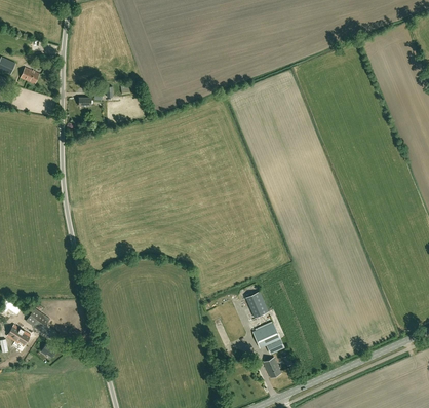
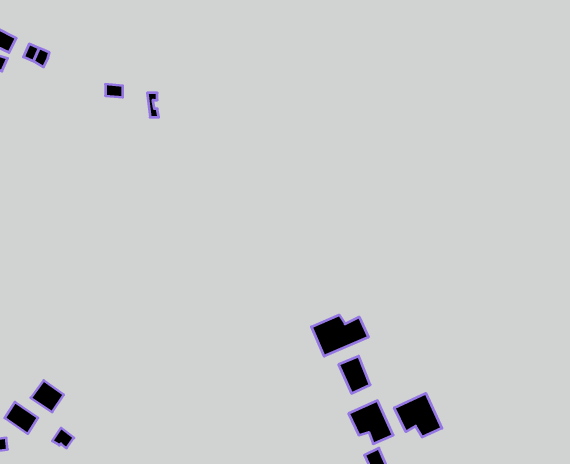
building: none -> [311,315,368,356]
building: none -> [394,393,442,437]

